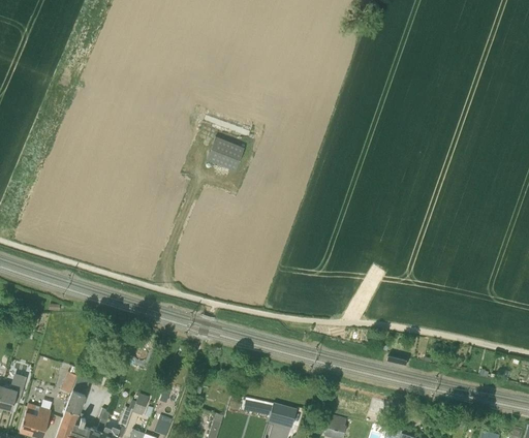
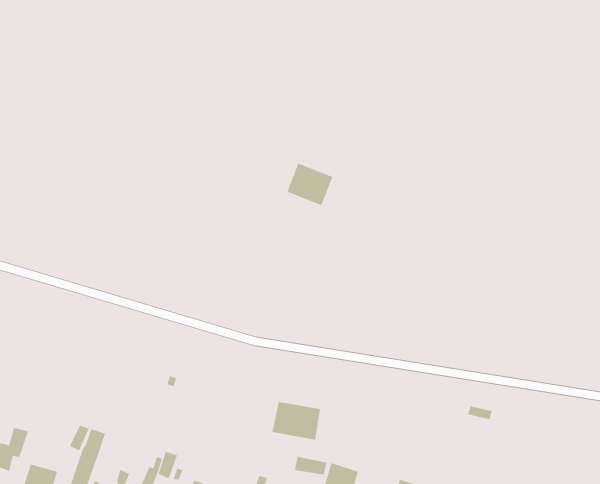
building: [206,136,244,171] -> [287,163,333,206]
building: none -> [272,401,321,441]

